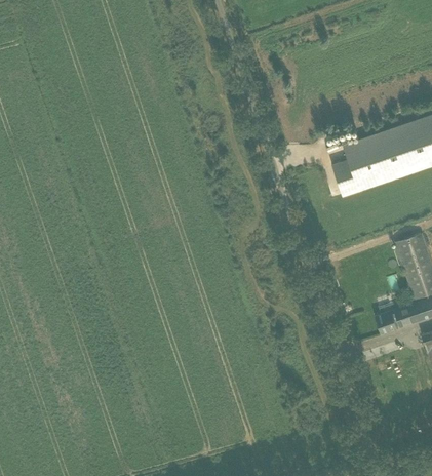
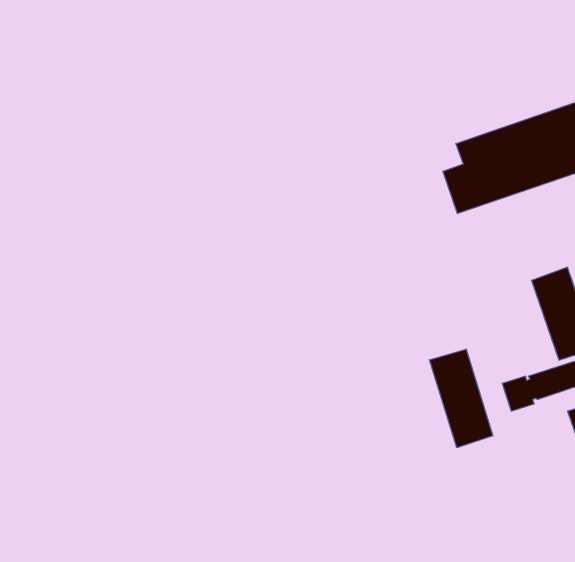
building: none -> [429,349,493,448]

